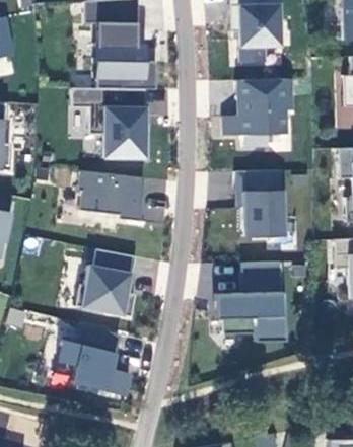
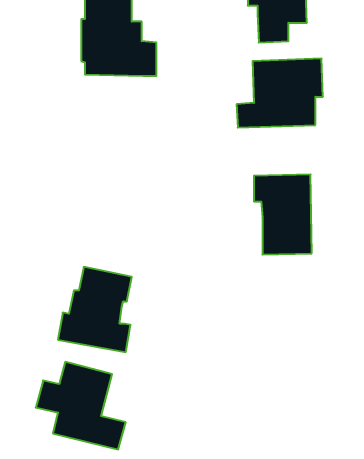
building: [70,87,147,157] -> none
building: [77,169,143,220] -> none
building: [213,260,282,341] -> none

